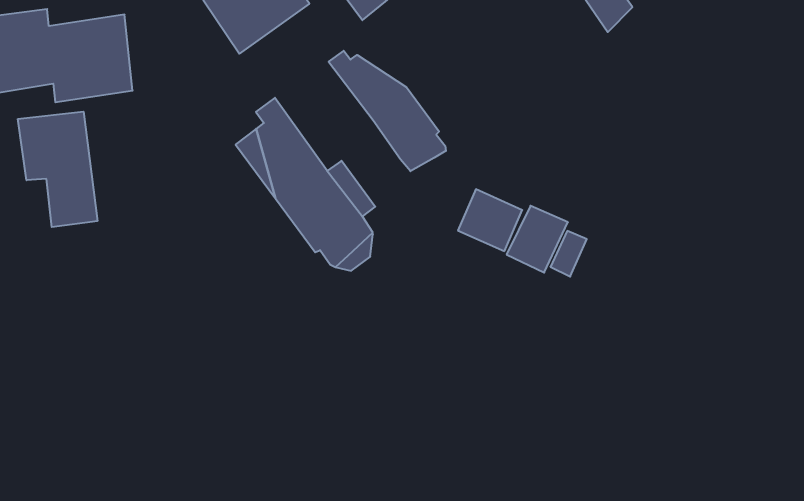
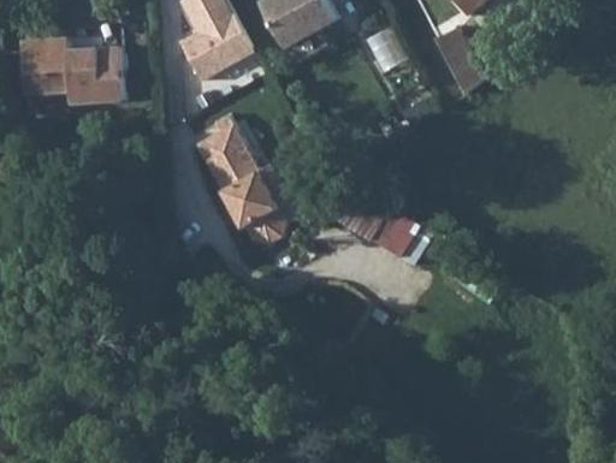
building: [329,51,446,171] -> none
building: [18,112,97,227] -> none

